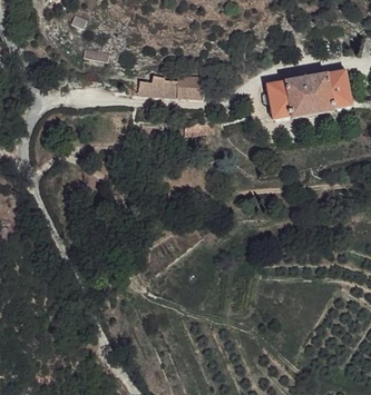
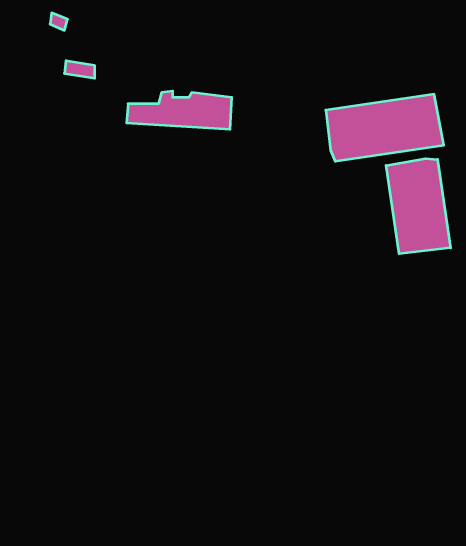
building: none -> [386,159,451,254]

